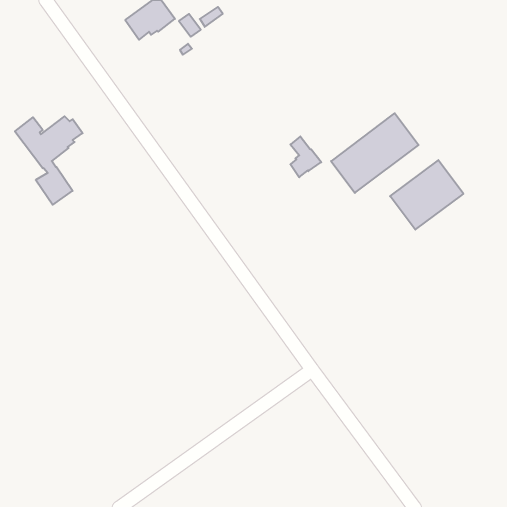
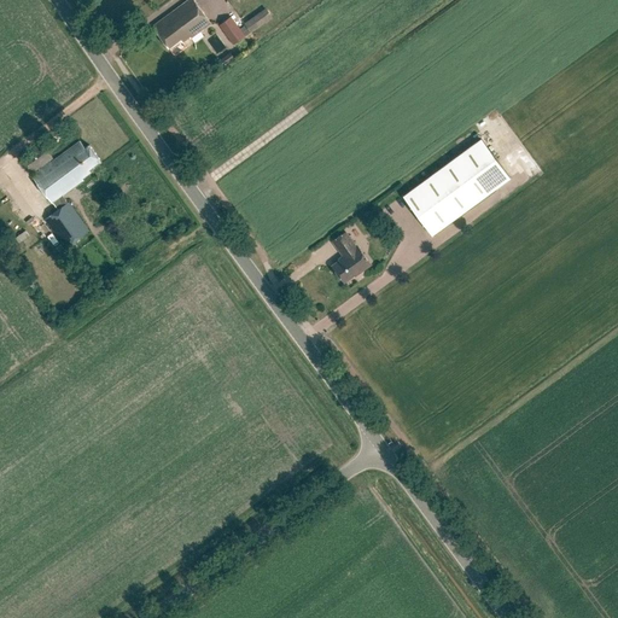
building: [290,136,321,177] -> [332,233,369,282]
building: [390,160,463,230] -> none

